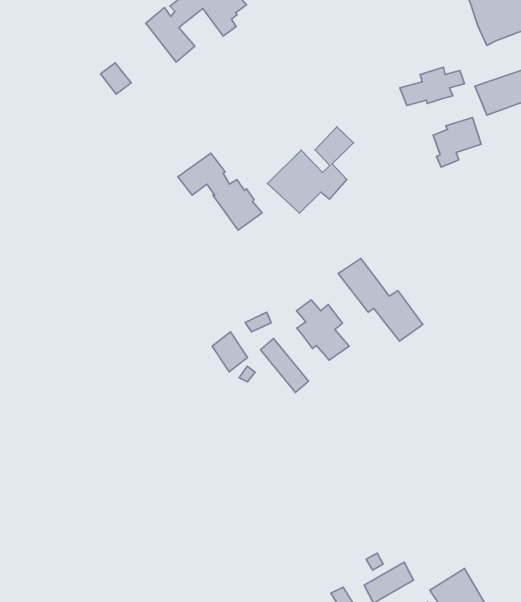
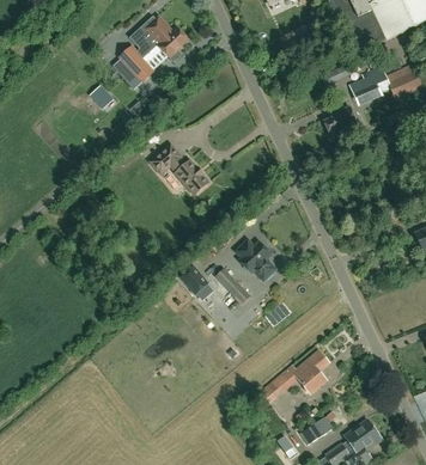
building: [400,67,464,105] -> none
building: [268,127,354,213] -> none
building: [338,258,423,341] -> none
building: none -> [272,348,330,393]

